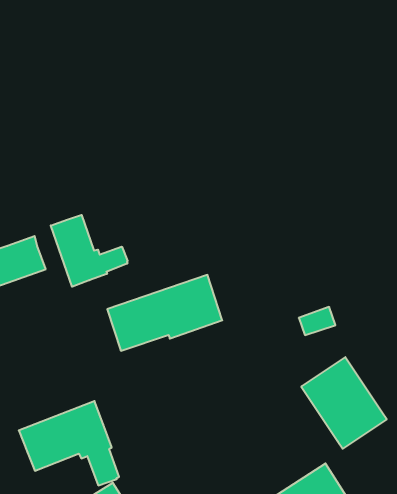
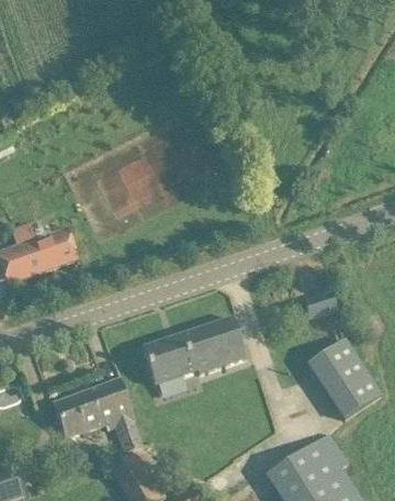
building: [51,215,128,287] -> none
building: [107,275,222,351] -> [142,316,245,385]

